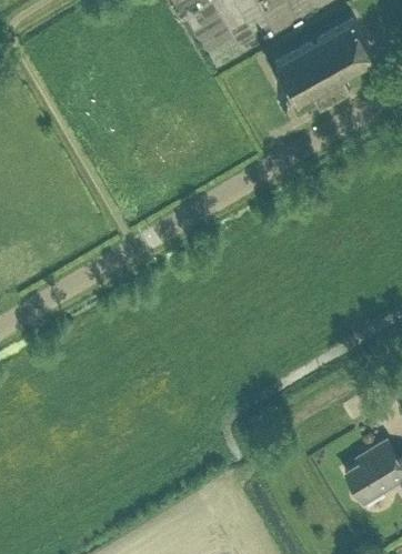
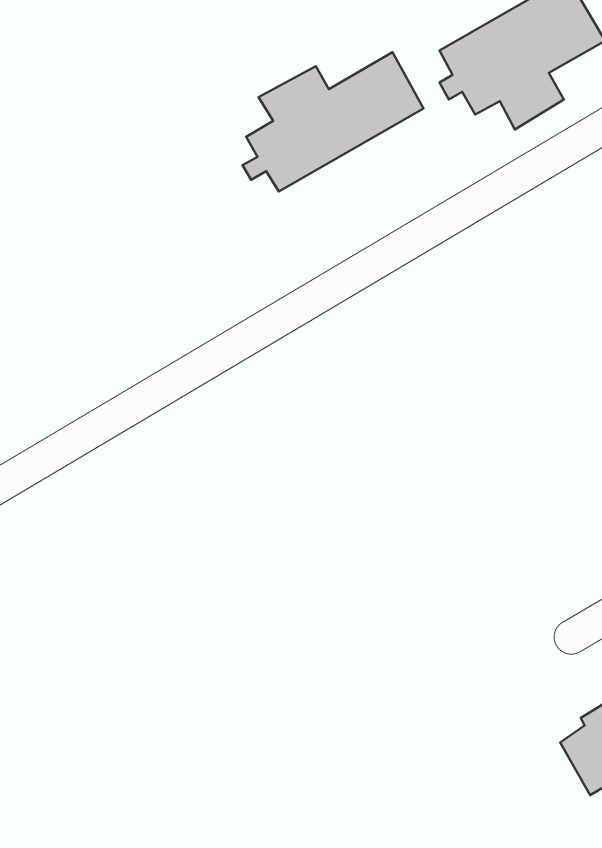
building: none -> [243,52,424,192]

